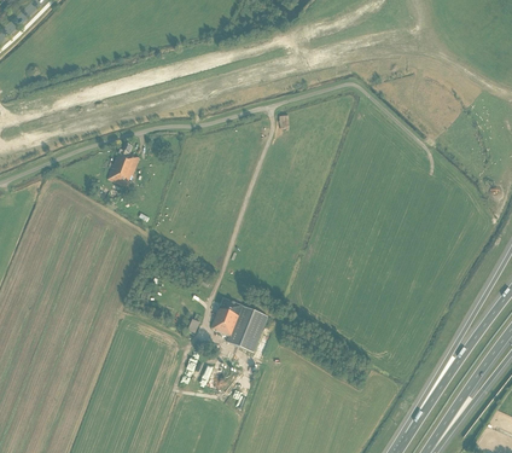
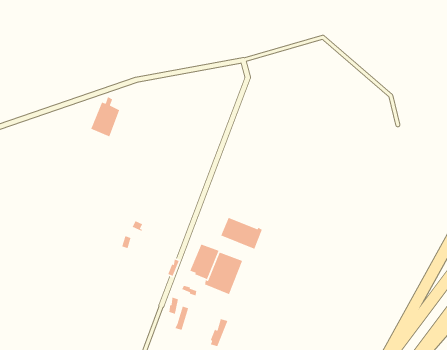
building: none -> [220,217,263,250]

